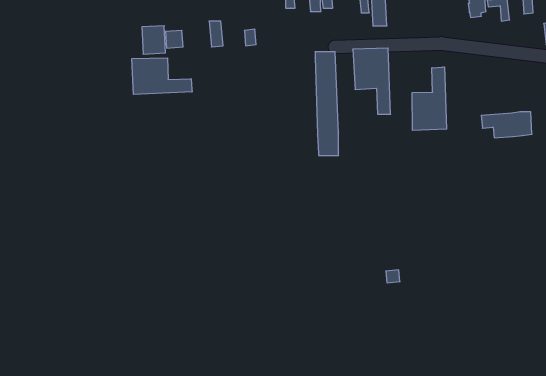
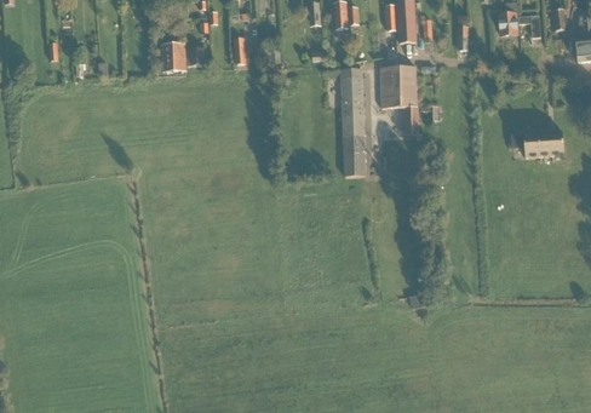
building: [132,58,192,94] -> none
building: [412,67,447,130] -> none

